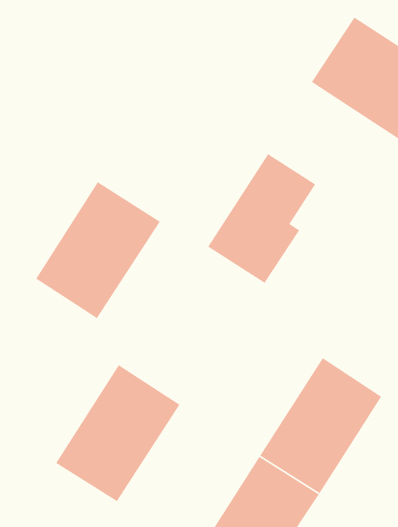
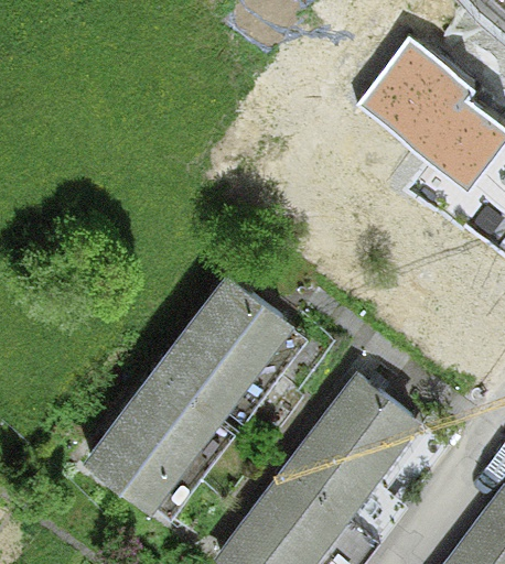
building: [207,153,316,284] -> none
building: [35,181,161,319] -> [157,276,283,411]

